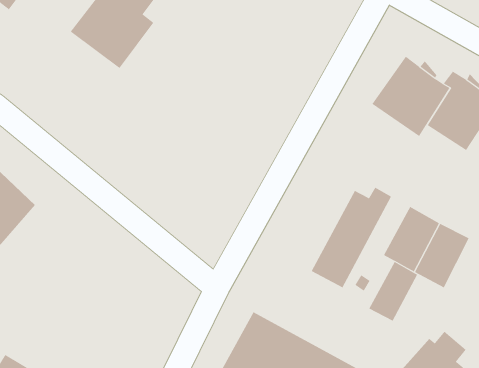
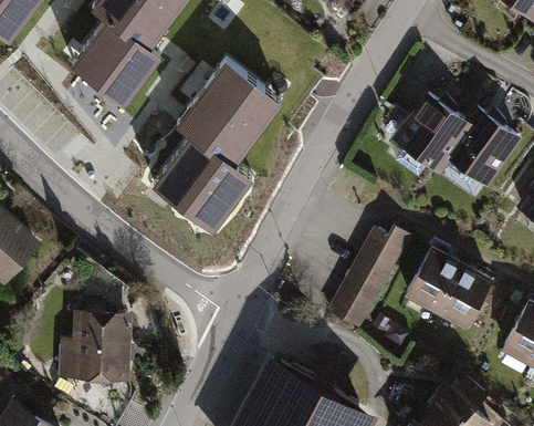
building: none -> [157,56,284,229]
building: [369,261,418,321] -> none
building: none -> [57,310,130,382]

